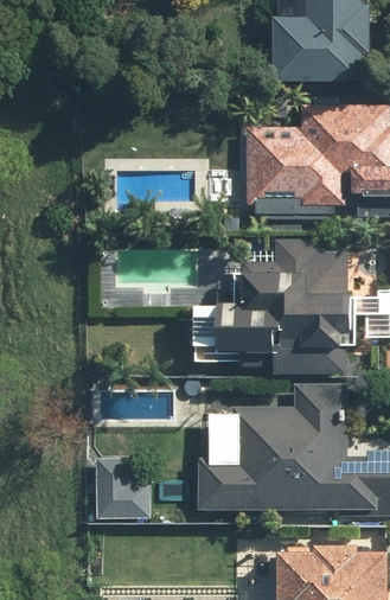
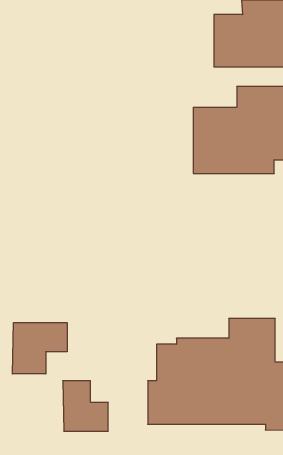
building: [193,238,350,376] -> none
building: none -> [12,323,67,374]

